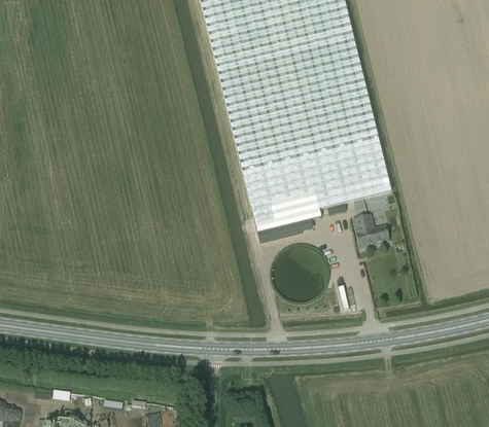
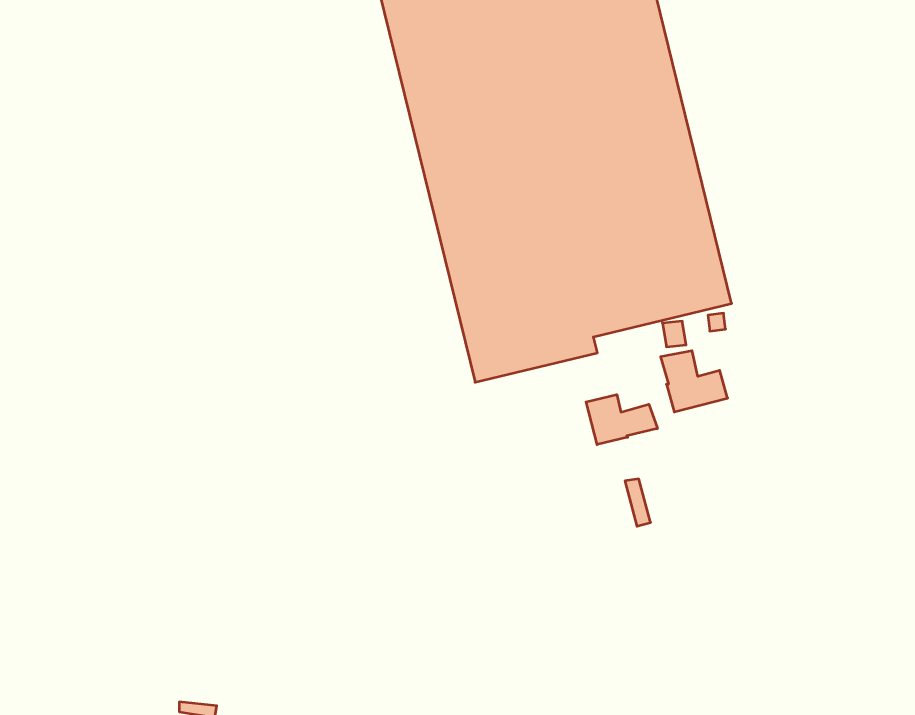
building: none -> [586,395,657,445]

